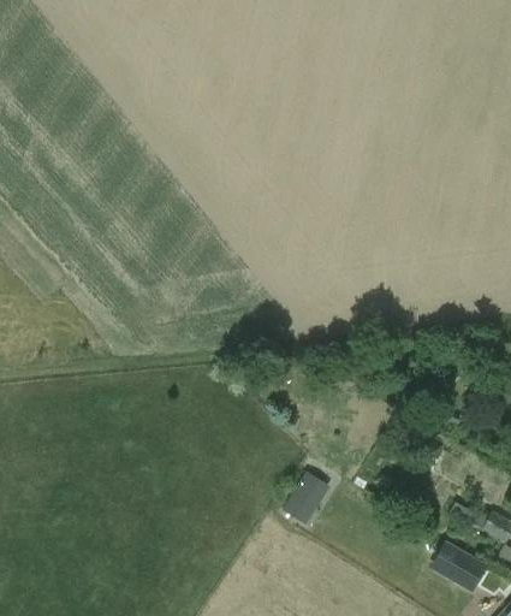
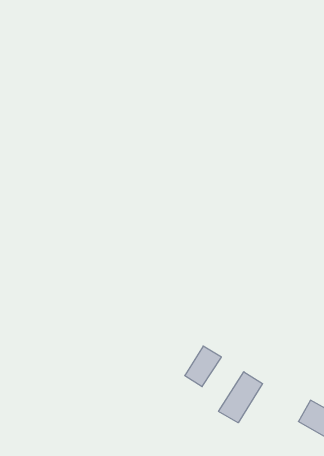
building: none -> [219,372,263,423]

